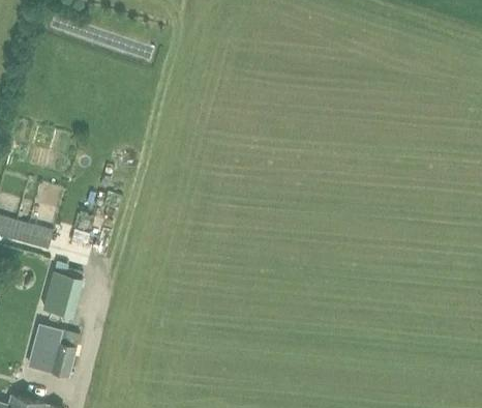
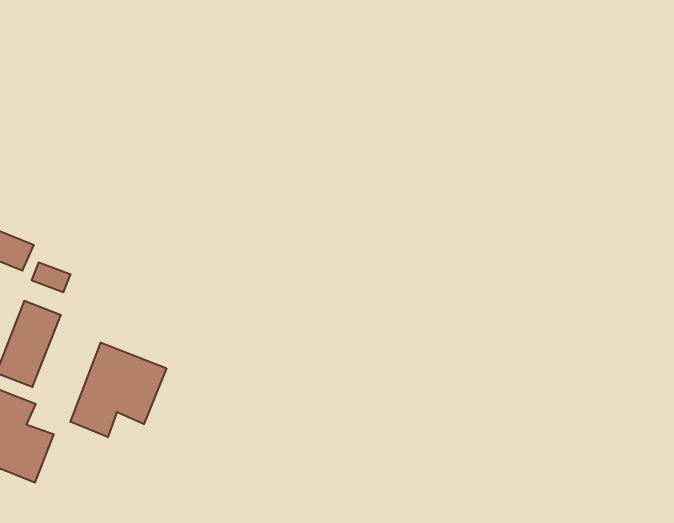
building: none -> [70,342,166,437]

